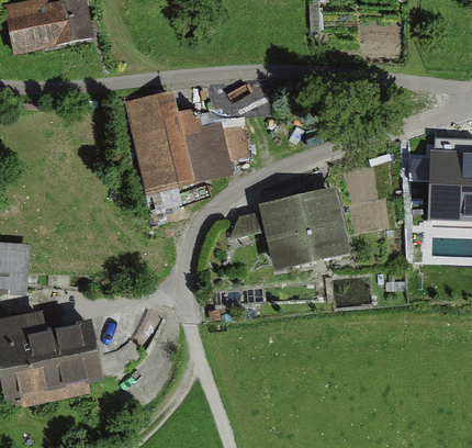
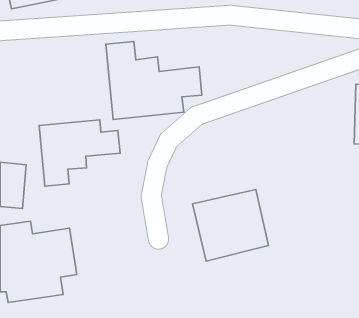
building: [259,188,351,275] -> [193,189,269,261]
building: none -> [39,120,120,186]

